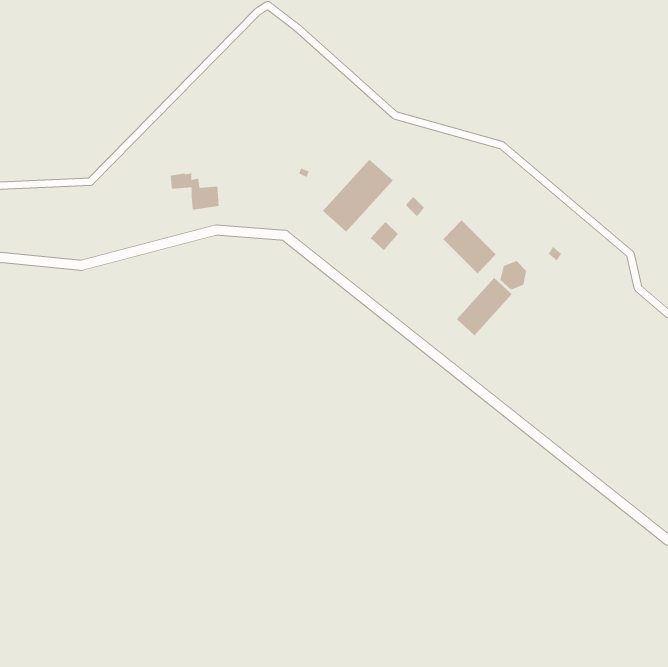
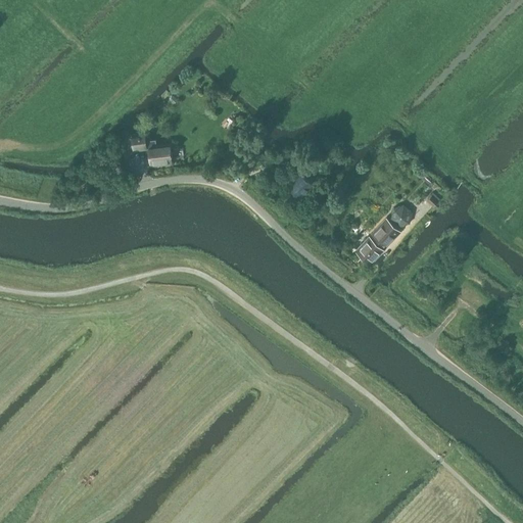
building: [322,159,394,232] -> none
building: [442,220,497,274] -> none

